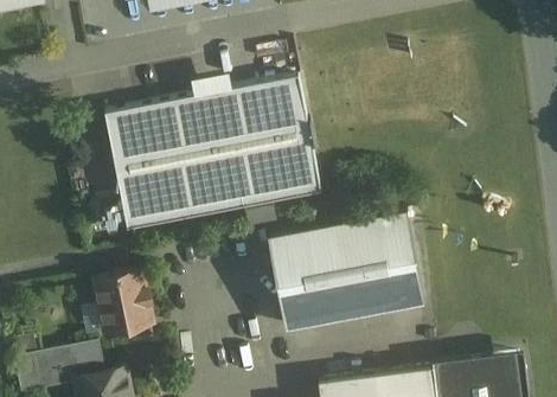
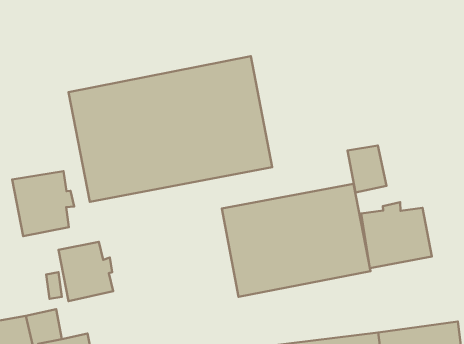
building: none -> [347,145,387,192]
building: none -> [12,171,74,236]
building: none -> [361,202,432,268]

